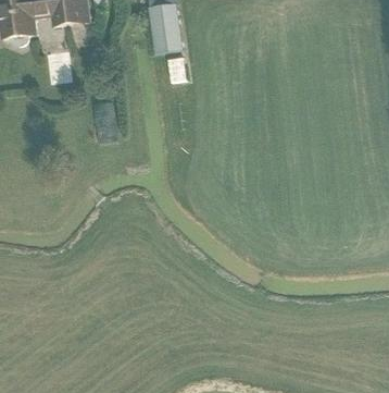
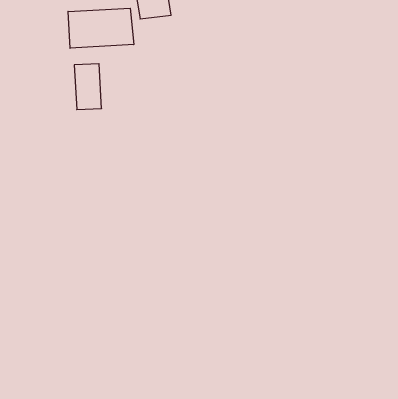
building: none -> [68,8,134,48]

